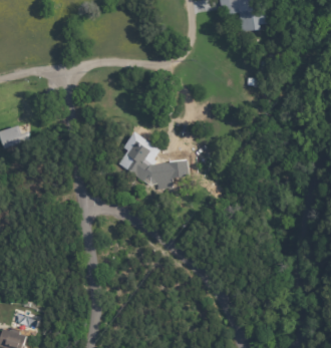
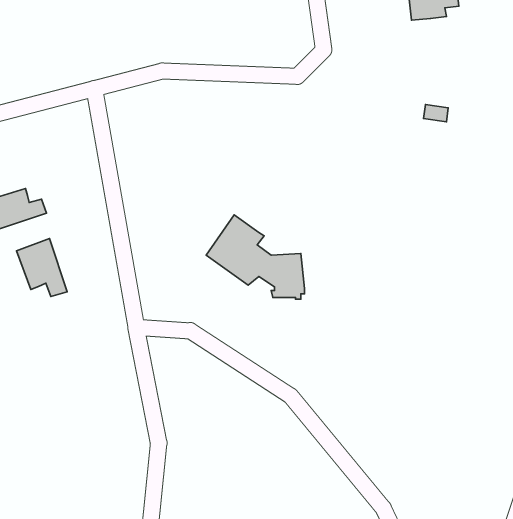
building: none -> [17,238,67,297]

